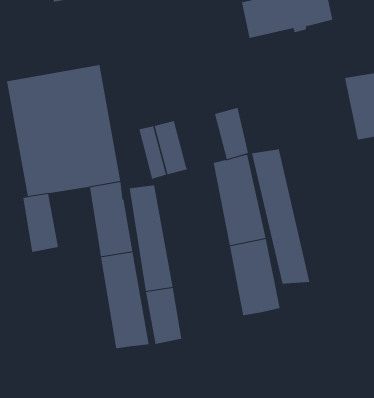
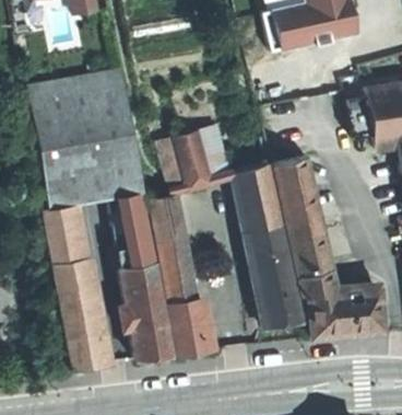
building: [214,107,249,160] -> [196,126,230,178]
building: none -> [52,260,99,369]
building: none -> [303,291,383,339]

